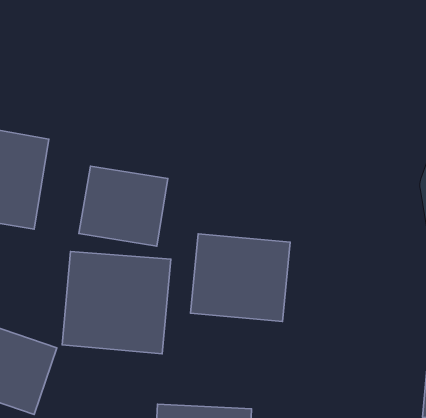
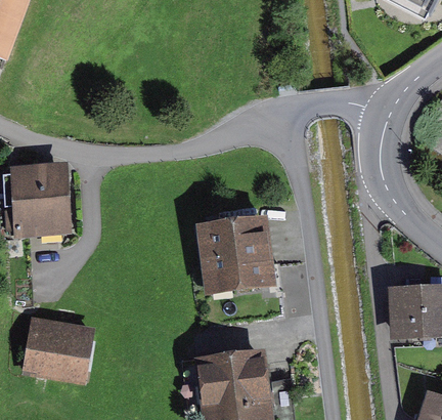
building: [79,166,168,246] -> none
building: [62,252,171,354] -> none

